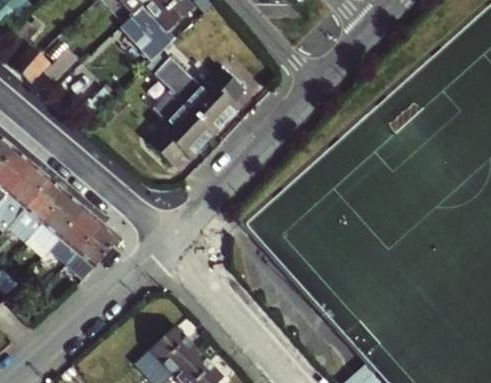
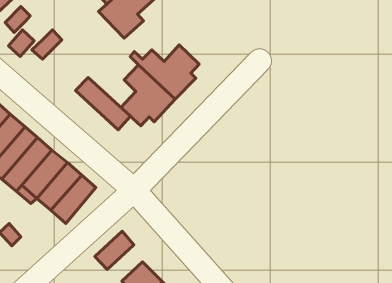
building: none -> [76,78,130,130]
building: none -> [95,231,134,270]

